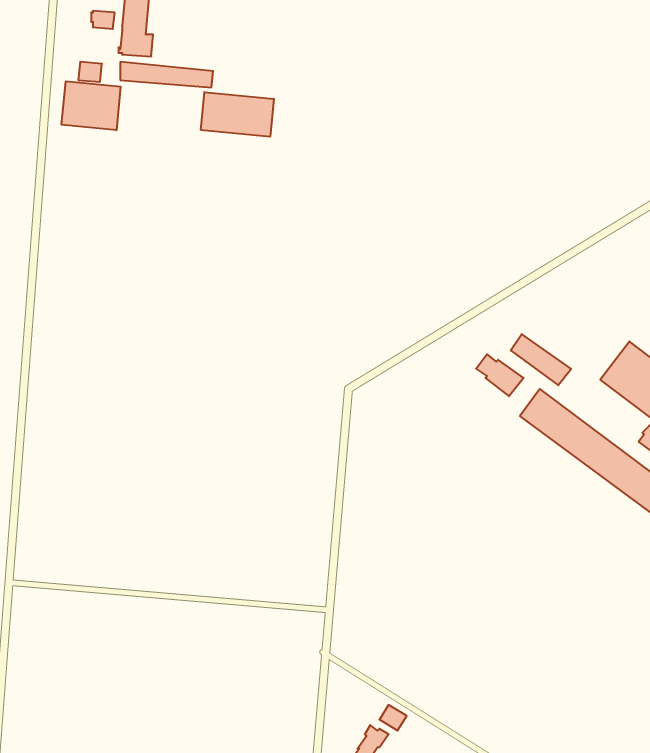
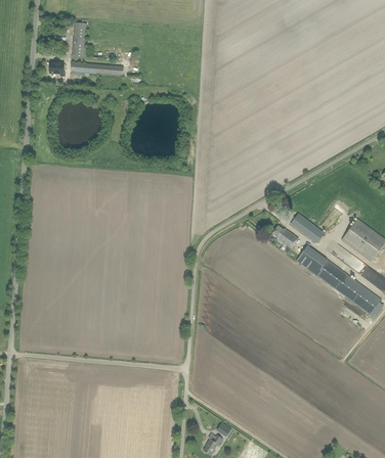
building: [62,81,121,130] -> none
building: [201,92,274,137] -> none

